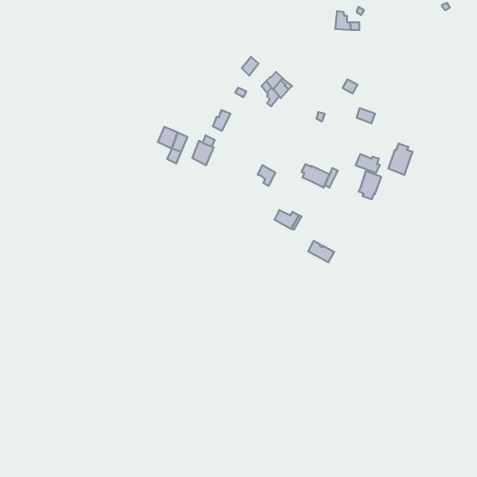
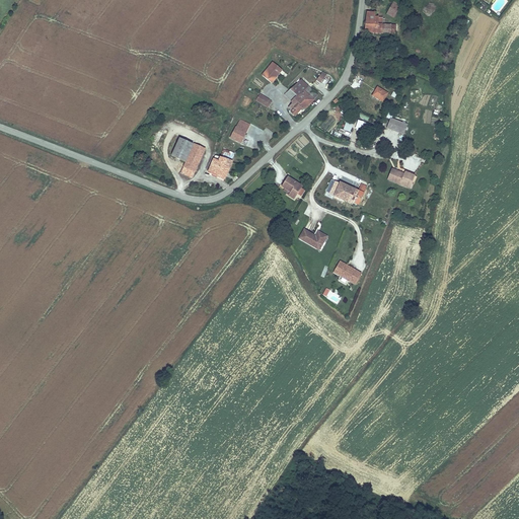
building: [388,143,413,175] -> none
building: [359,171,381,199] -> none

